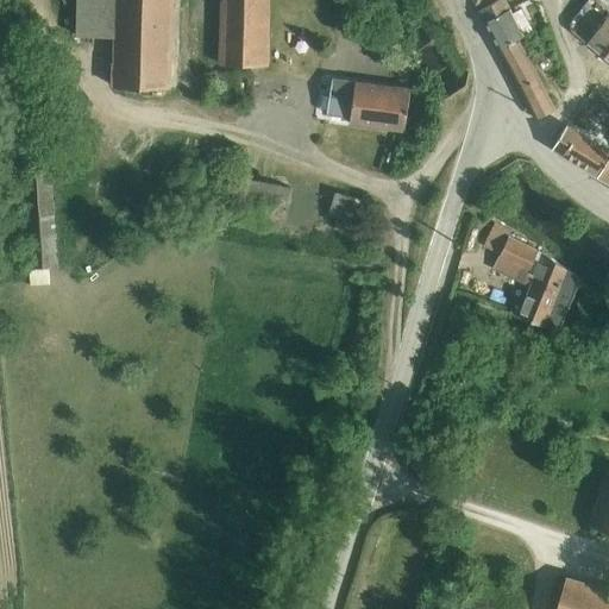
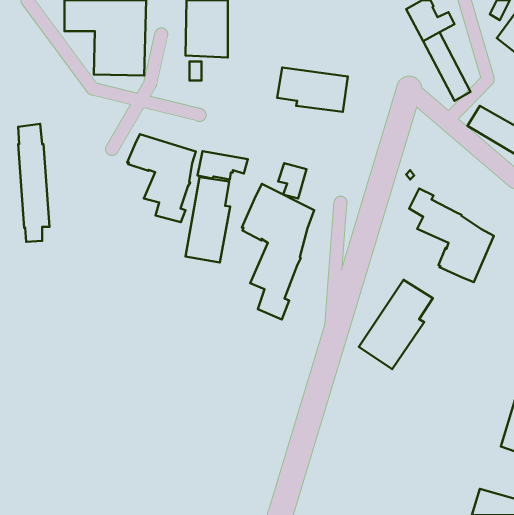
building: none -> [127,134,196,222]
building: none -> [185,177,230,262]
building: none -> [242,184,314,319]
building: none -> [359,280,433,369]

